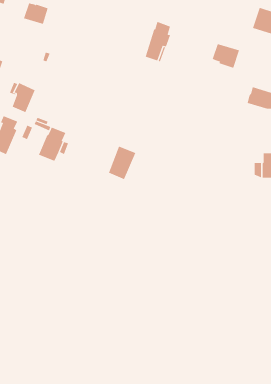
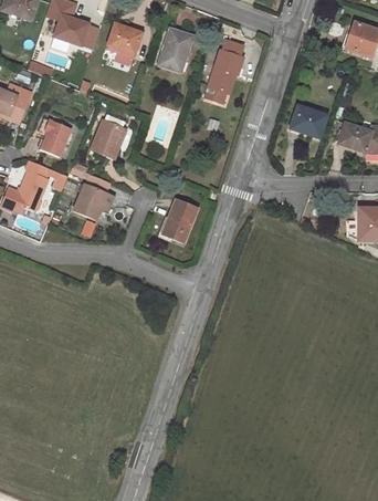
building: none -> [107,23,140,63]
building: none -> [159,29,192,71]
building: [212,43,240,69] -> [291,105,326,137]
building: none -> [92,119,126,157]

